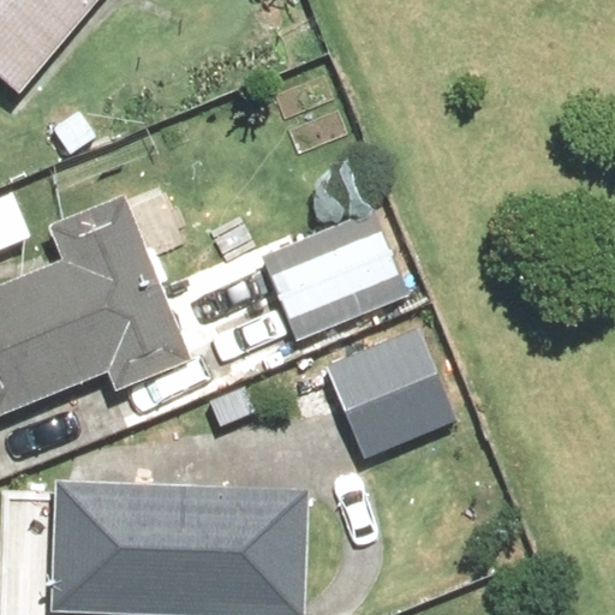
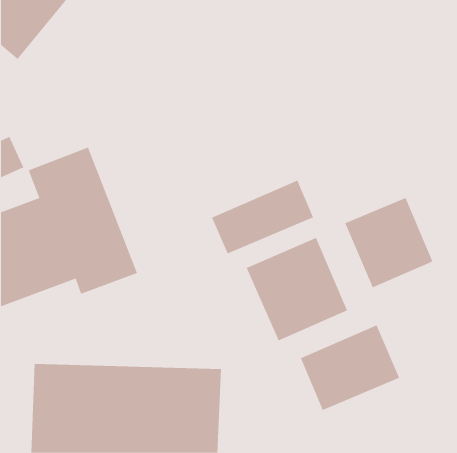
building: none -> [344,197,433,288]
building: none -> [300,325,400,411]

